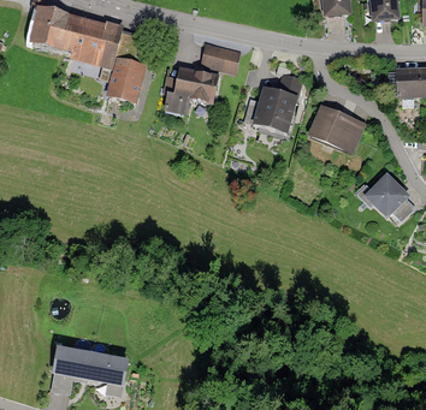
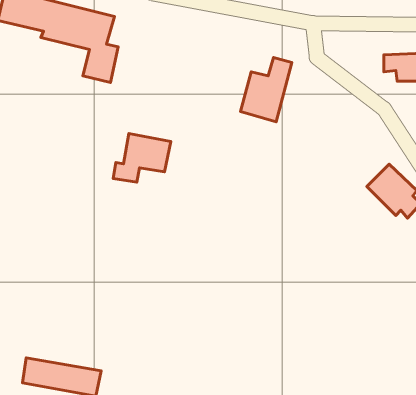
building: [202,46,237,71] -> none
building: [164,67,217,112] -> [113,134,171,182]
building: [312,105,369,154] -> none

